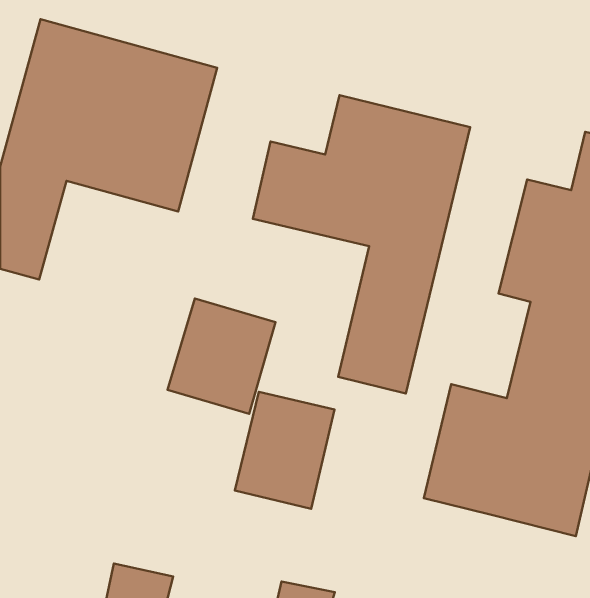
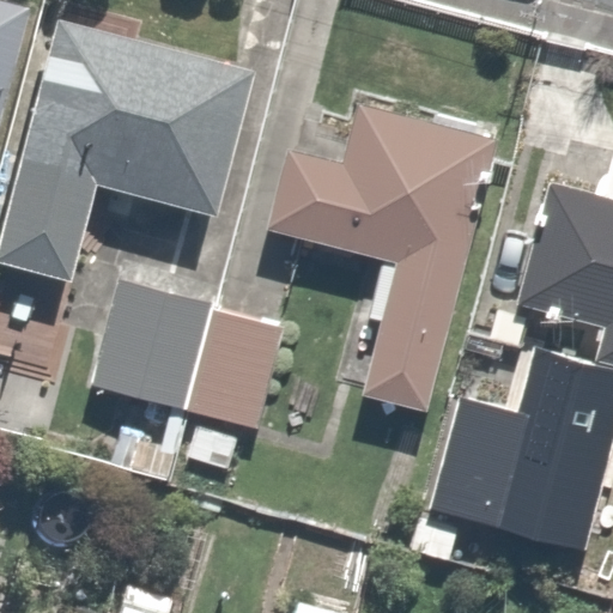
building: none -> [90,283,213,417]
building: [235,392,334,509] -> none

